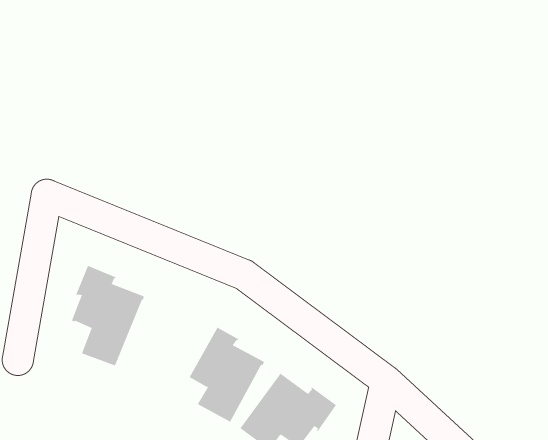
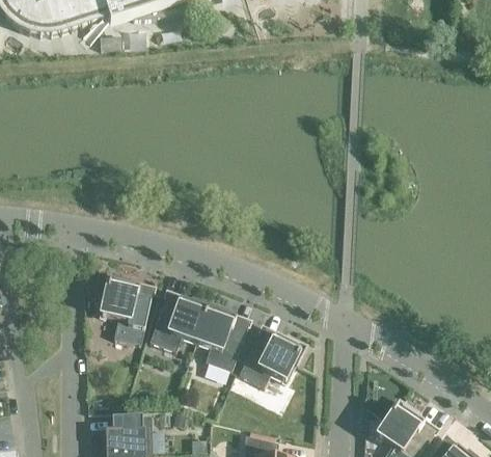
building: none -> [148,294,209,352]

